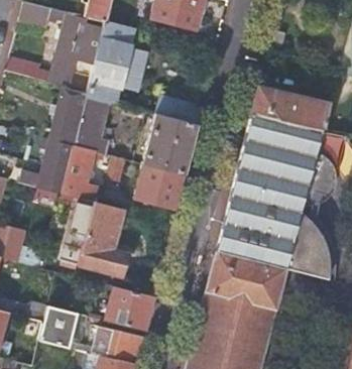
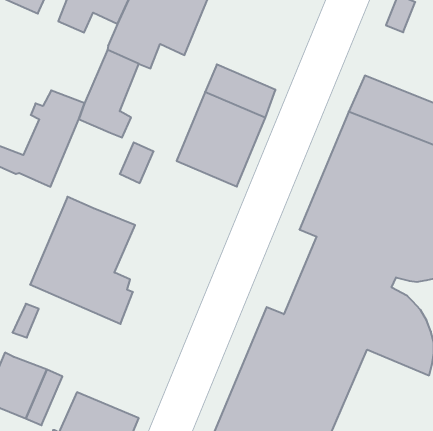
building: [53,88,87,134] -> none
building: [62,145,98,203] -> none
building: [134,163,186,210] -> none
building: [106,287,153,330] -> none

